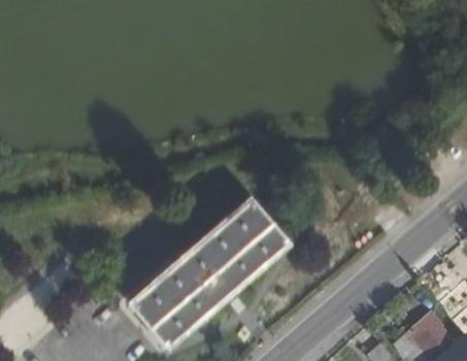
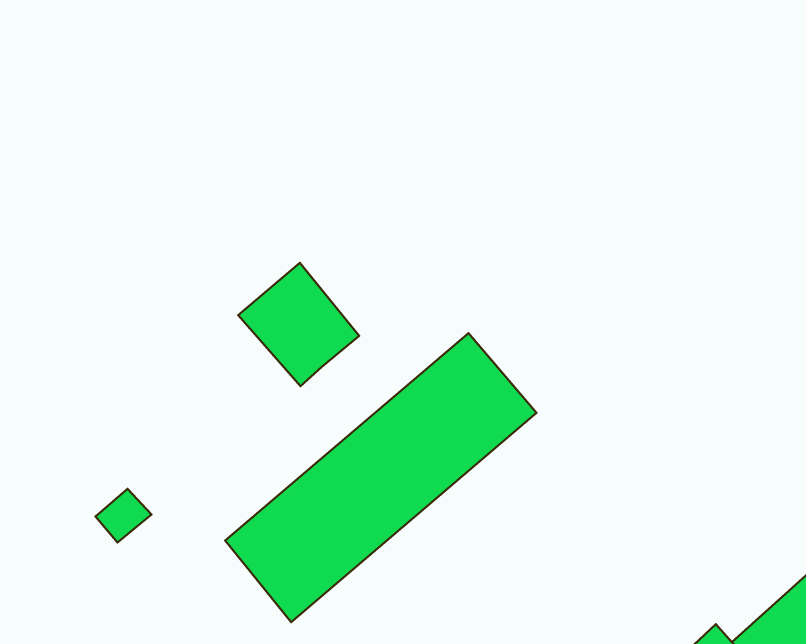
building: none -> [238,263,359,386]

